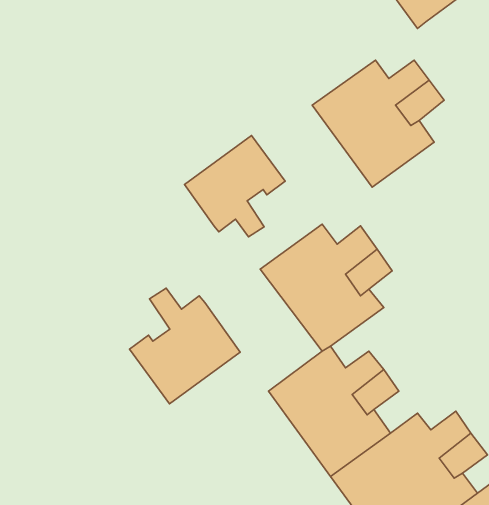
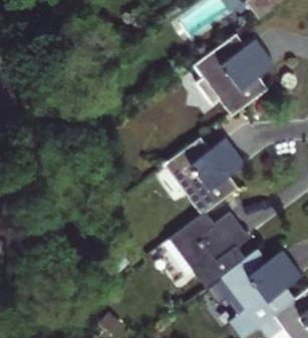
building: [185,135,285,237] -> none
building: [129,288,240,404] -> none

